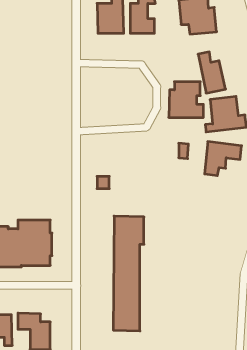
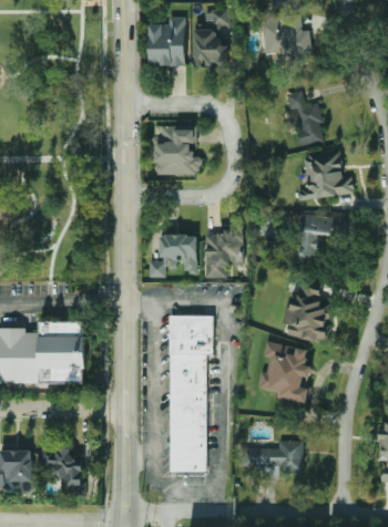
building: [169,82,203,117] -> [153,125,201,174]
building: none -> [204,230,244,277]
building: none -> [159,234,197,271]
building: none -> [287,277,331,341]
building: none -> [257,340,312,403]
building: none -> [244,440,303,478]

